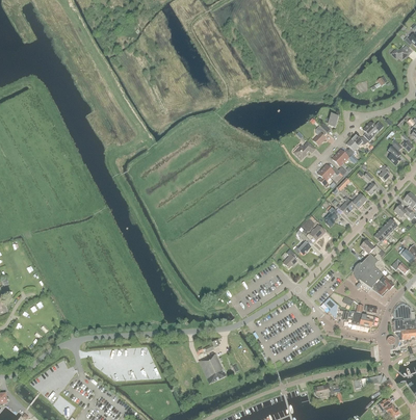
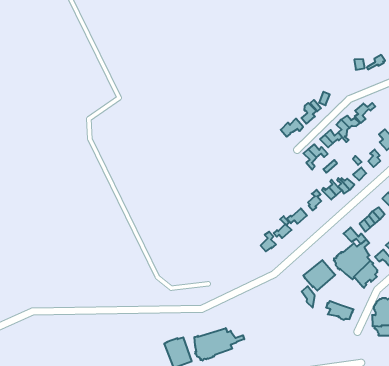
building: none -> [303,260,335,291]
building: none -> [194,328,244,361]

